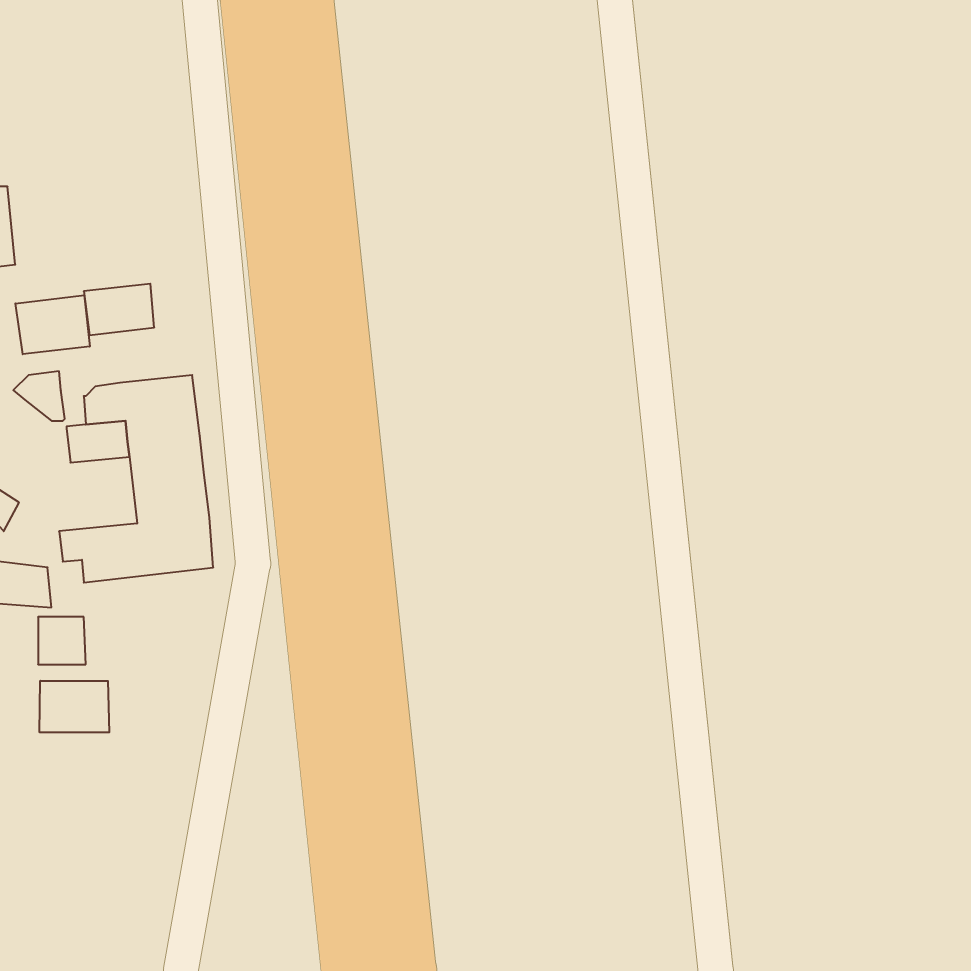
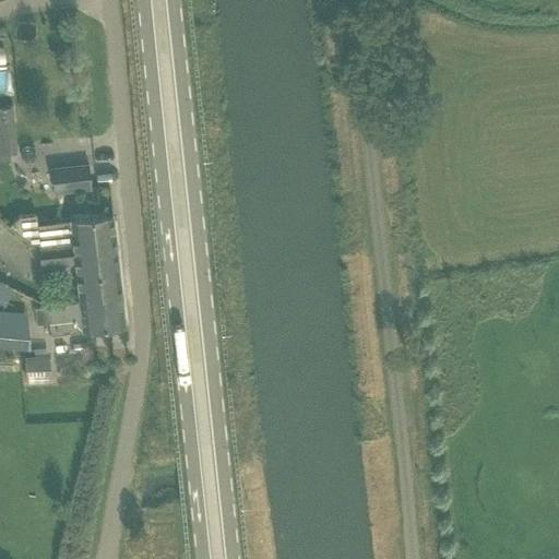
building: [15,295,90,354] -> none
building: [40,681,109,732] -> none

